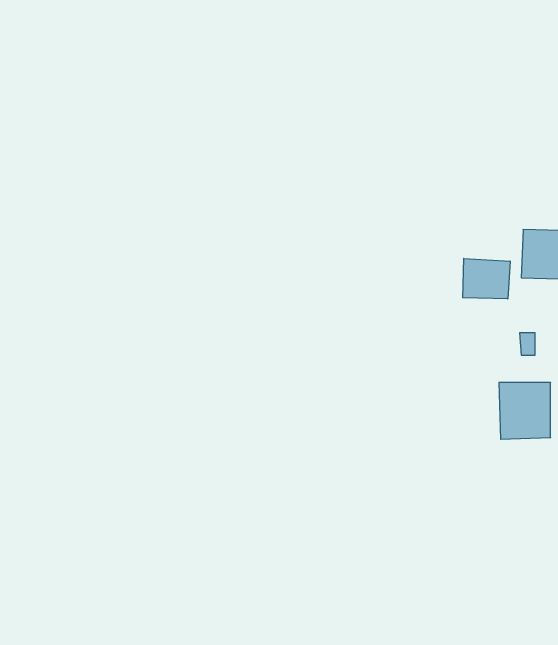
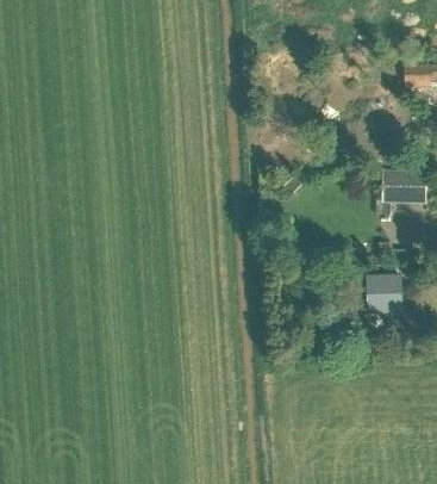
building: [463,258,510,299] -> none

